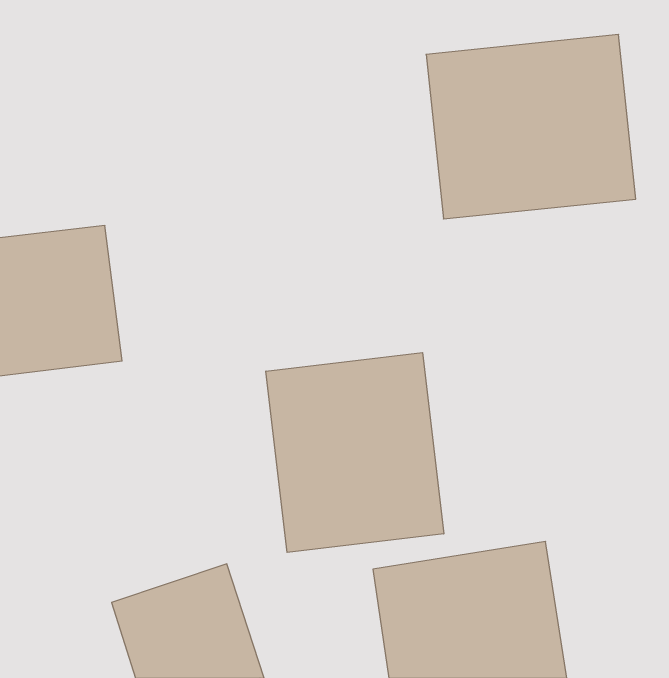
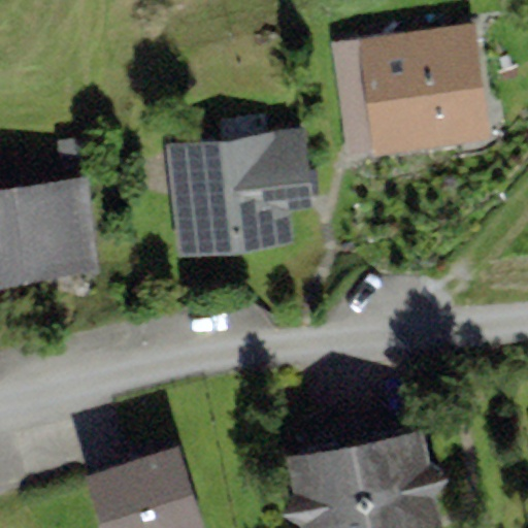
building: none -> [166,138,292,257]
building: [266,353,444,552] -> none

